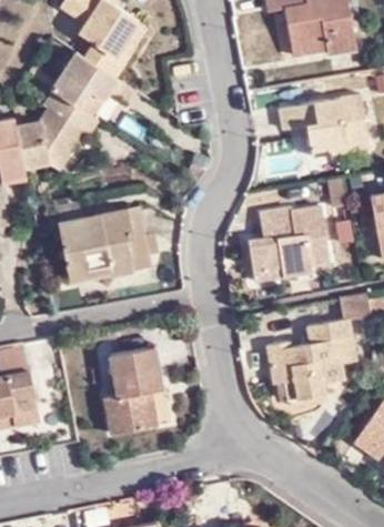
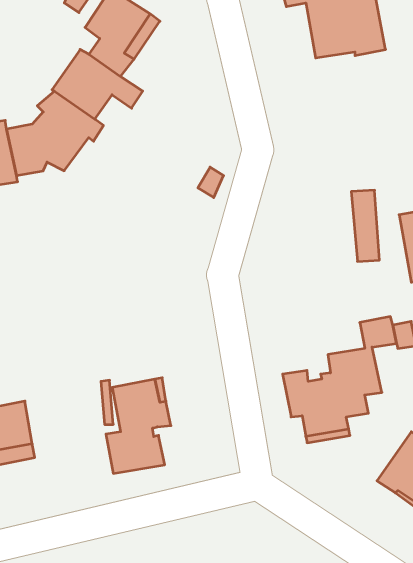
building: [276,95,365,158] -> none
building: [58,206,150,276] -> none
building: [243,207,329,285] -> none

